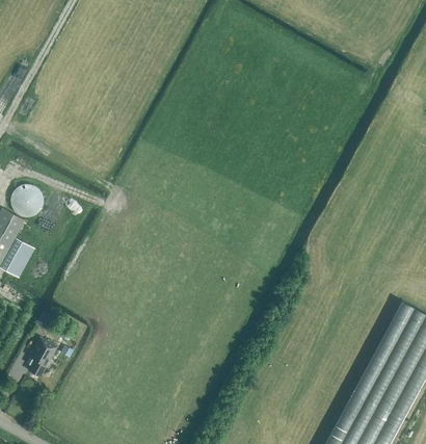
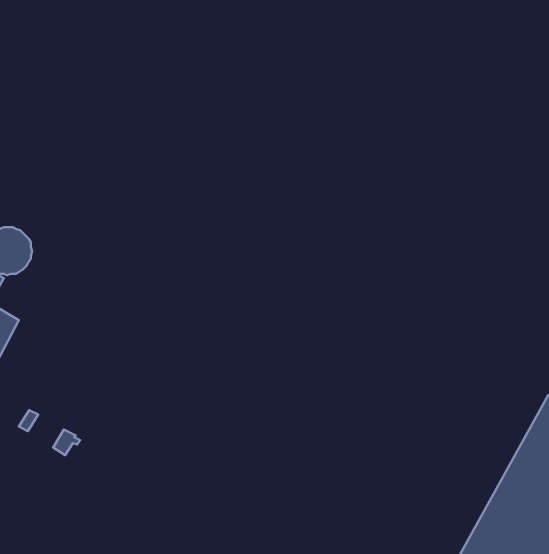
building: [27,337,58,377] -> none

